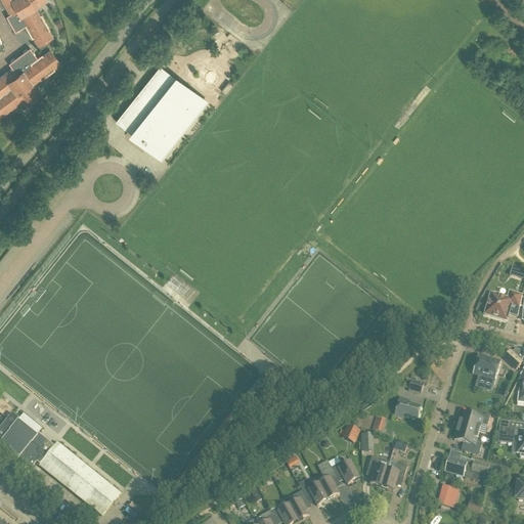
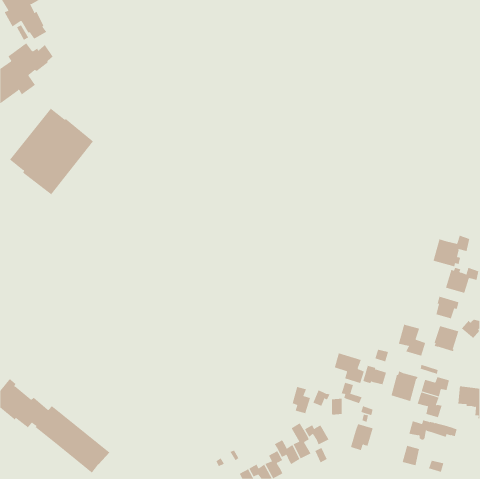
building: [115,63,207,159] -> [9,108,94,195]
building: none -> [433,235,470,267]
building: none -> [436,296,459,319]
building: none -> [398,324,426,356]
building: none -> [334,353,365,384]
building: none -> [391,371,418,402]
building: [365,456,386,486] -> [292,386,311,414]

